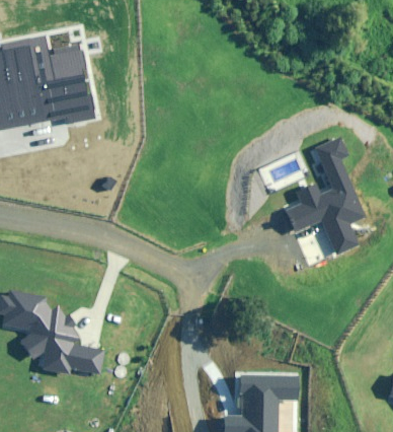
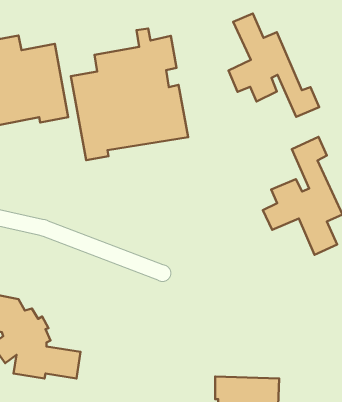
building: none -> [228,13,319,117]
building: none -> [71,28,188,160]

